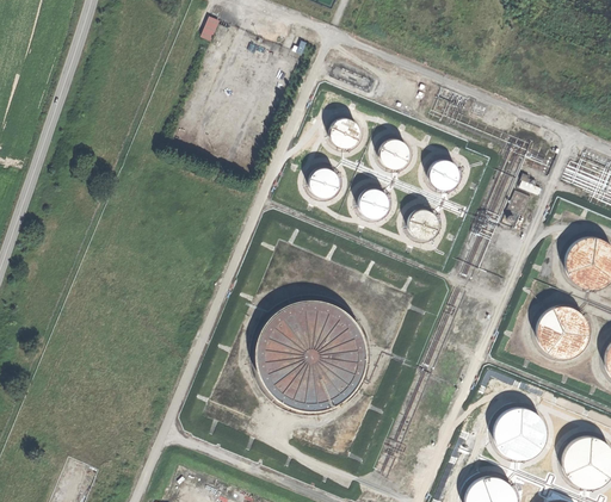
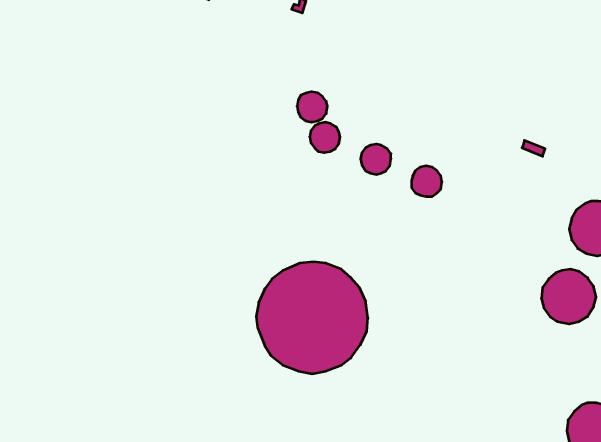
building: [329,114,359,144] -> [297,92,327,122]
building: [379,136,409,166] -> none
building: [430,156,459,187] -> none
building: [494,409,548,461] -> none

